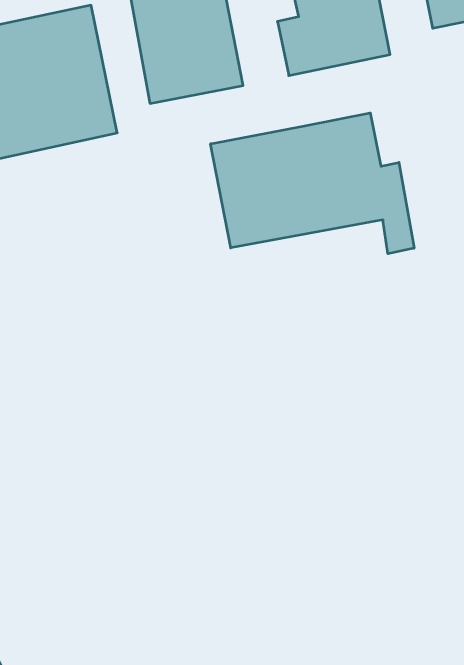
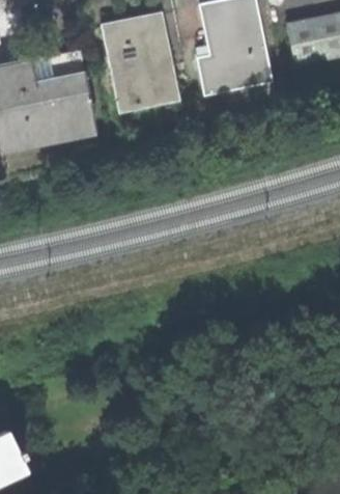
building: [211,113,414,254] -> none

